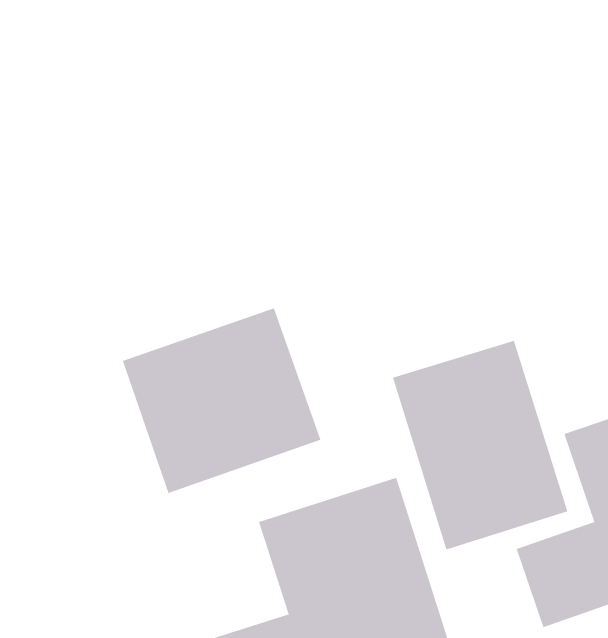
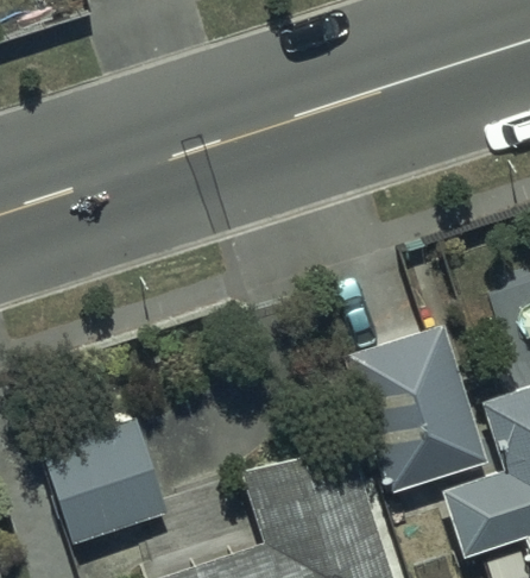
building: [122,308,321,494] -> none
building: none -> [45,422,169,546]

